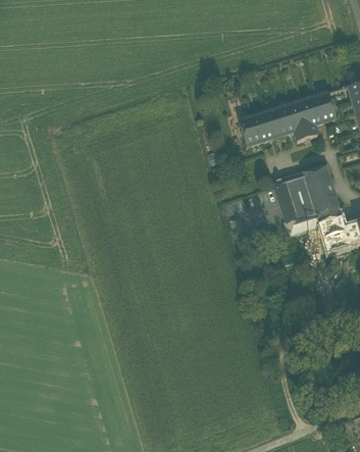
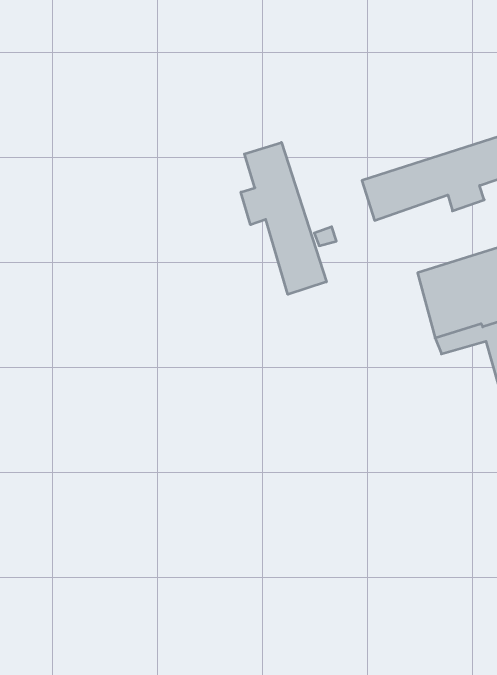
building: none -> [241,142,326,294]

